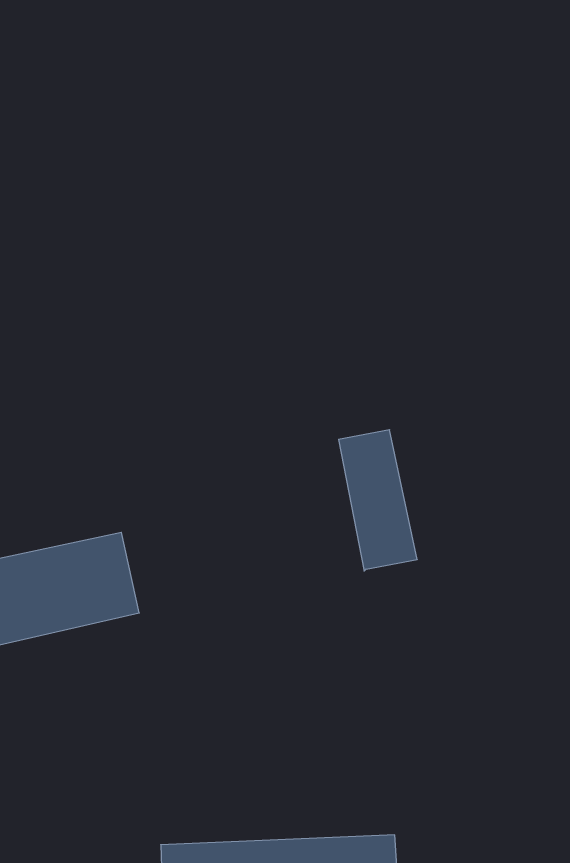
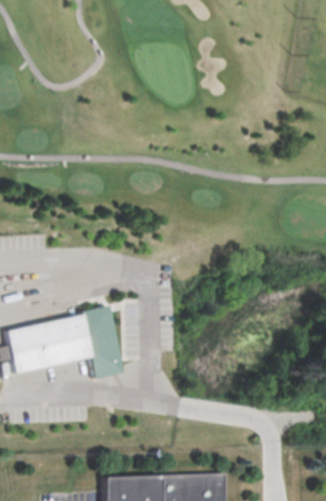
building: [339,430,417,571] -> [82,305,123,379]

